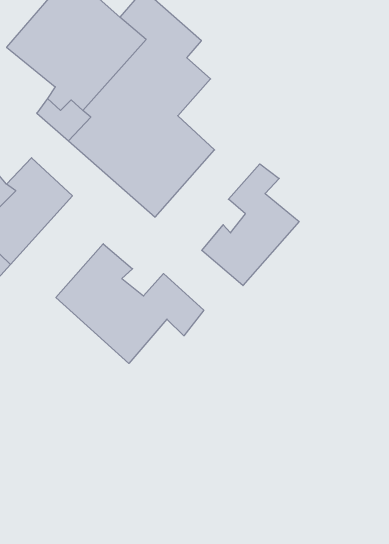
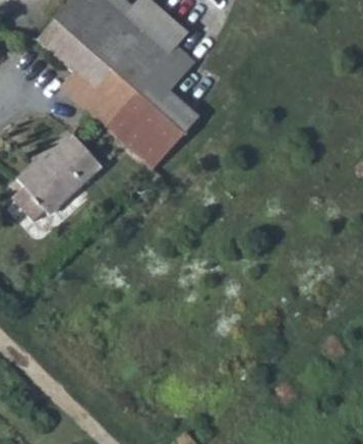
building: [202,164,299,286] -> none
building: [56,244,204,363] -> none

